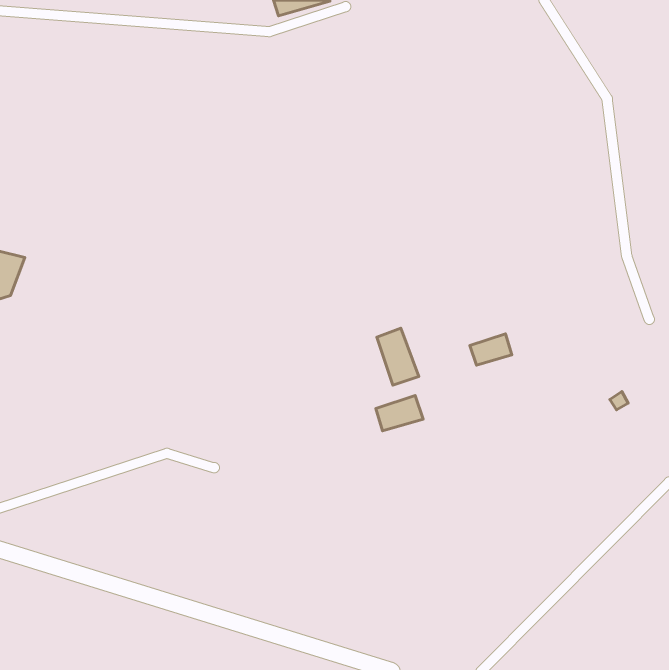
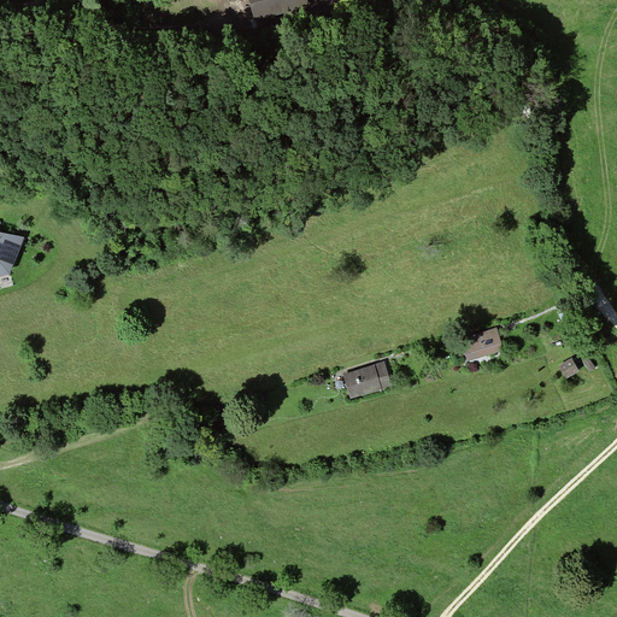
building: [377,328,419,385] -> none
building: [470,334,512,365] -> [462,330,500,359]

